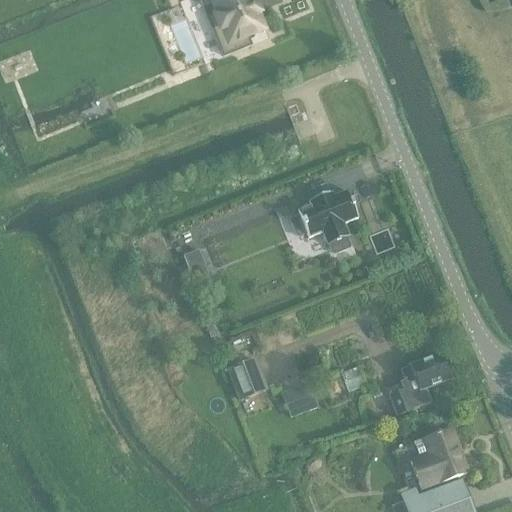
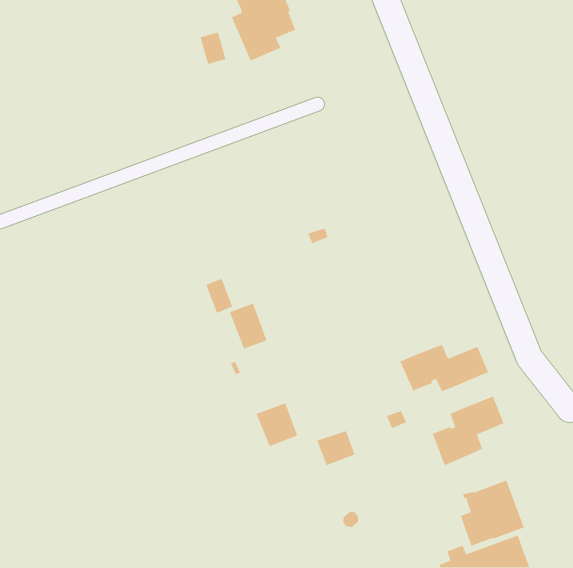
building: [290,189,358,252] -> none
building: none -> [229,302,268,350]
building: none -> [399,344,489,392]

